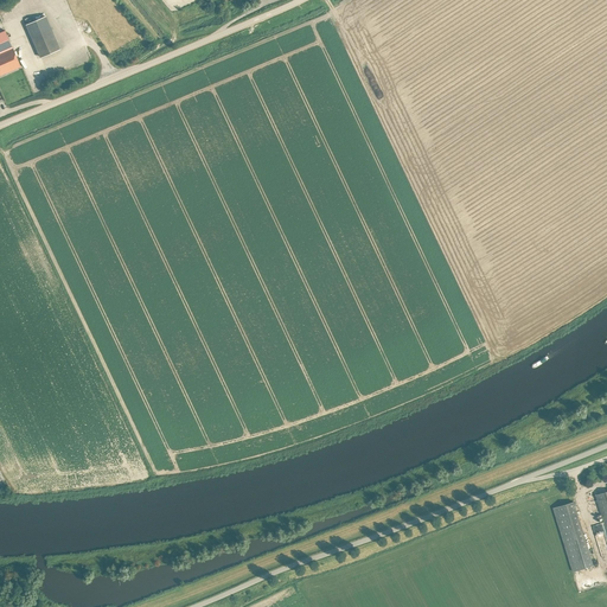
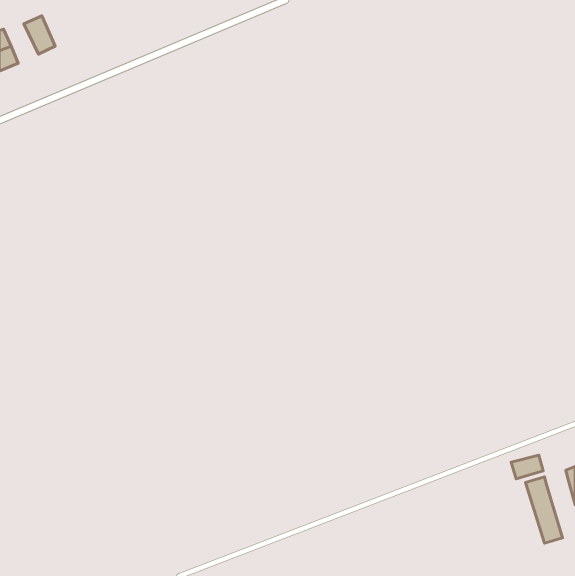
building: none -> [511,455,543,479]

